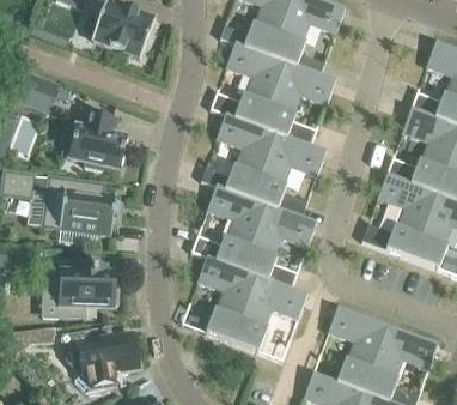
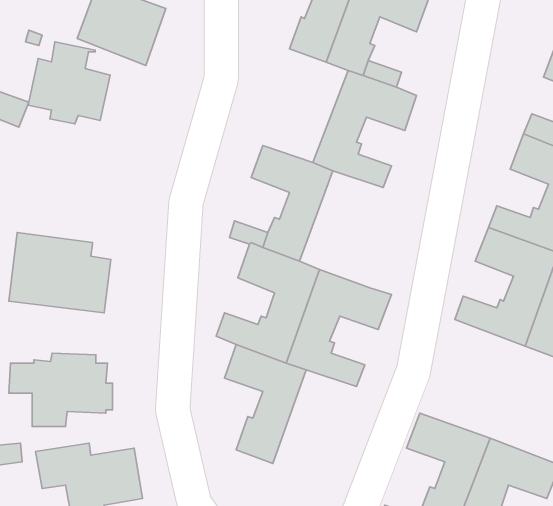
building: [209,42,285,127] -> none
building: [67,111,126,170] -> [28,42,110,124]
building: [250,133,325,217] -> none
building: [231,276,306,352] -> none

